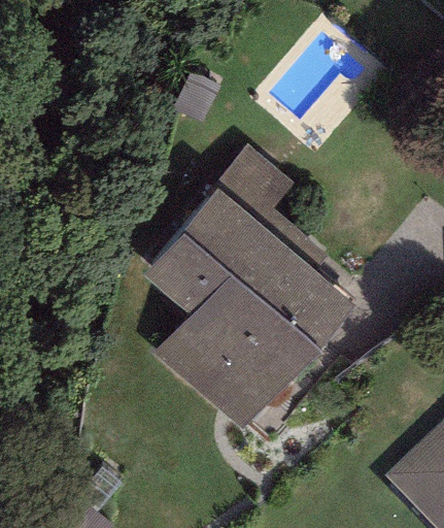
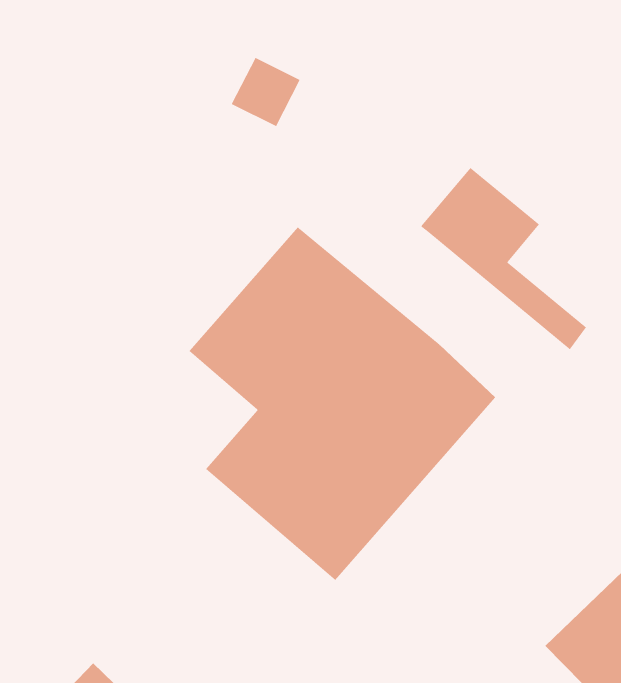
building: [213,145,327,270] -> [420,167,587,350]

